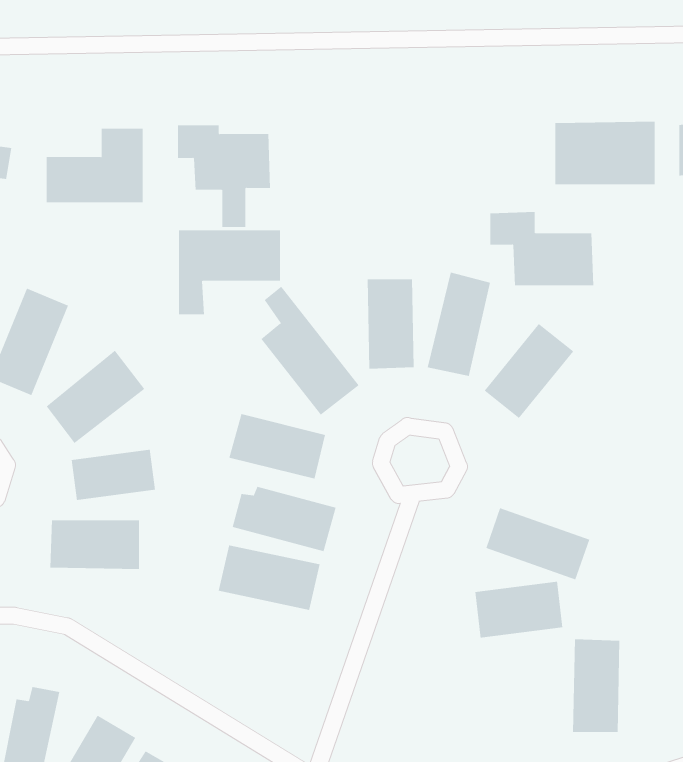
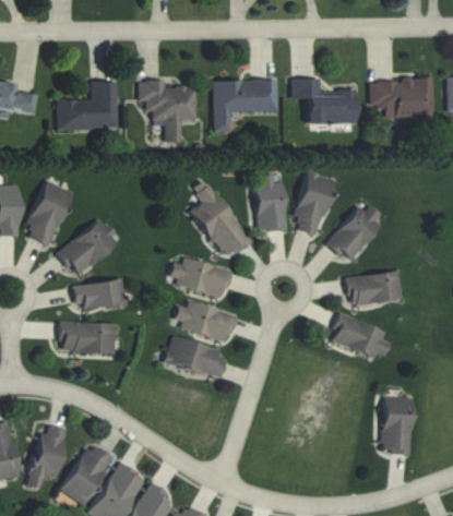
building: [489,211,594,286] -> [291,77,356,123]
building: [178,230,281,315] -> [214,80,277,132]
building: [475,581,563,638] -> [347,271,402,305]

